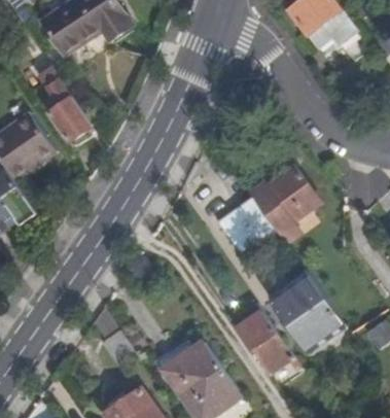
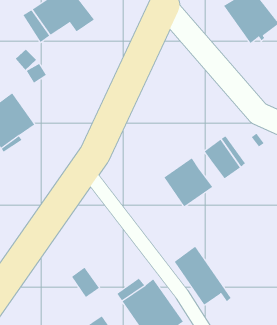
building: [50,97,93,141] -> none
building: [264,274,342,349] -> none

